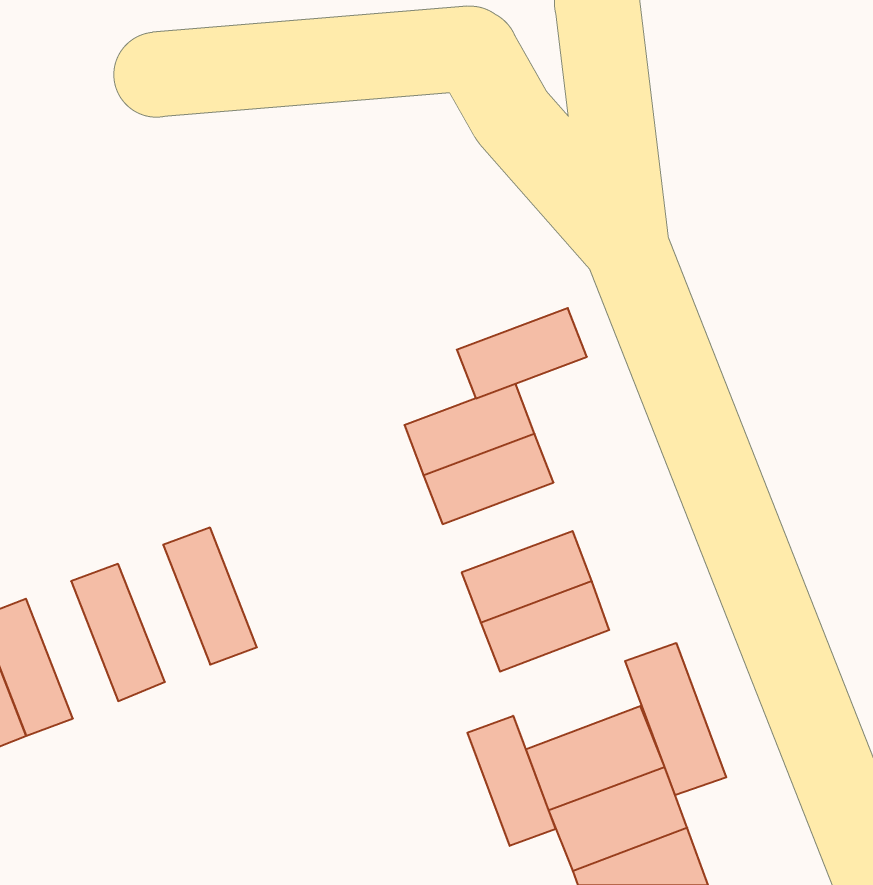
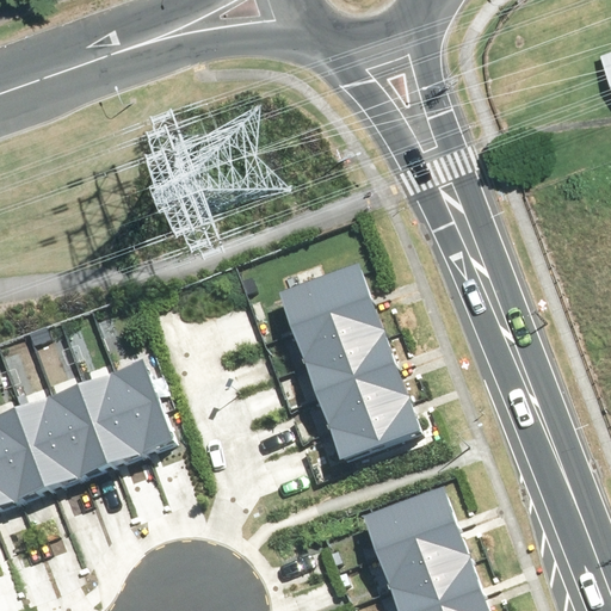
building: [457,308,587,398] -> [304,332,394,394]
building: none -> [81,375,144,469]
building: none -> [18,400,81,494]
building: [625,643,726,795] -> none
building: [467,716,555,846] -> none

